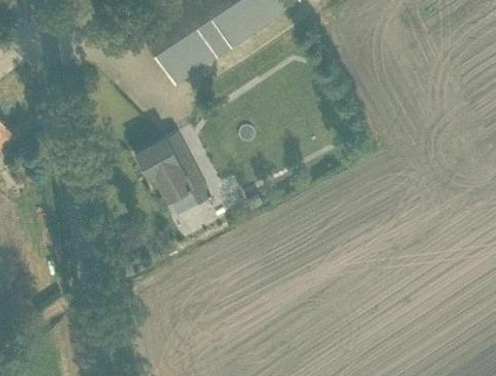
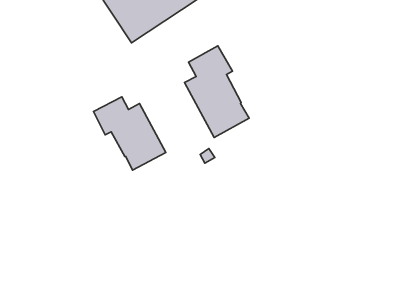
building: none -> [185,46,249,137]

